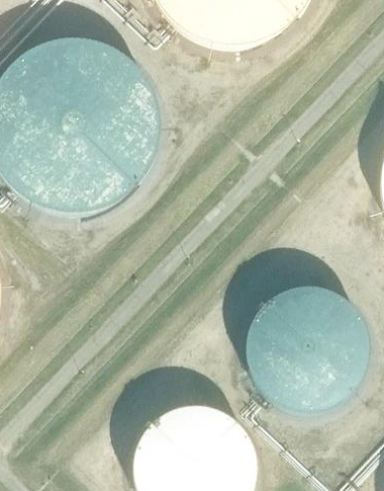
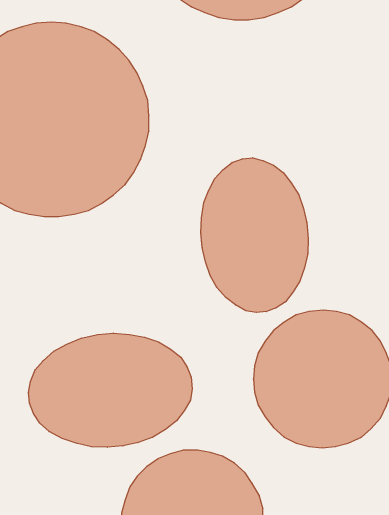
building: none -> [201,158,308,312]
building: none -> [29,333,192,447]

